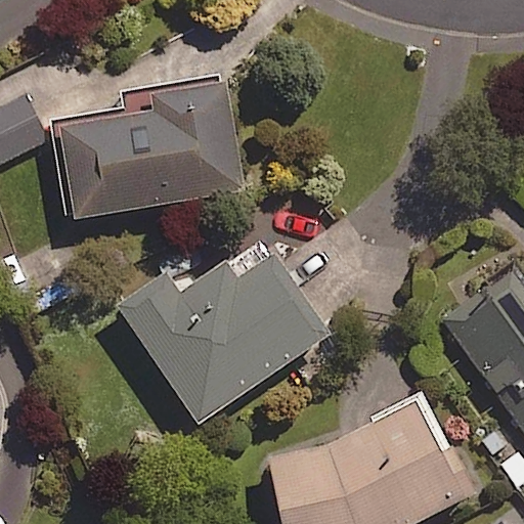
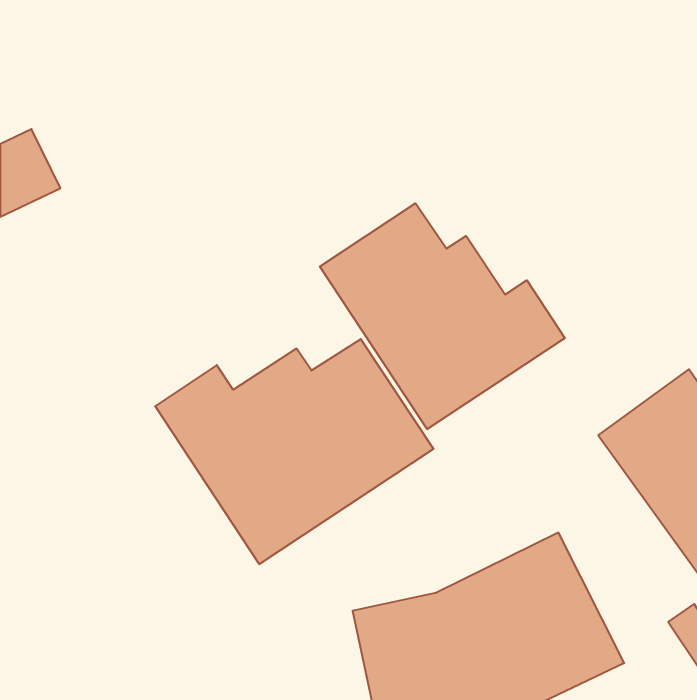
building: [59,79,243,217] -> none
building: none -> [320,203,565,429]

